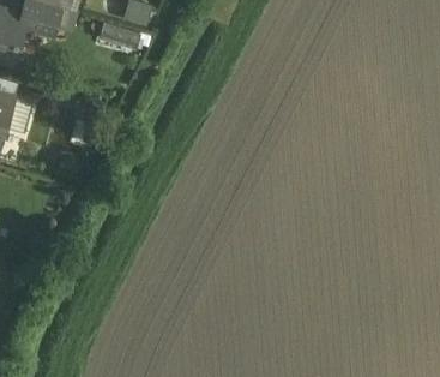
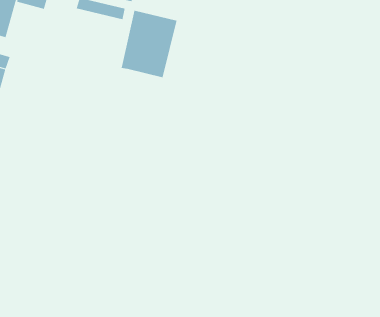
building: none -> [121,10,177,78]

